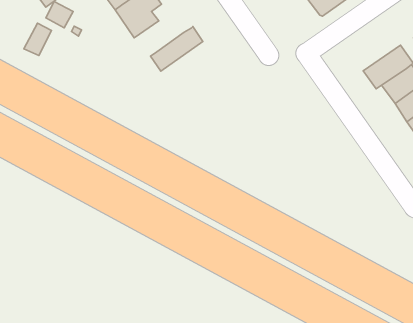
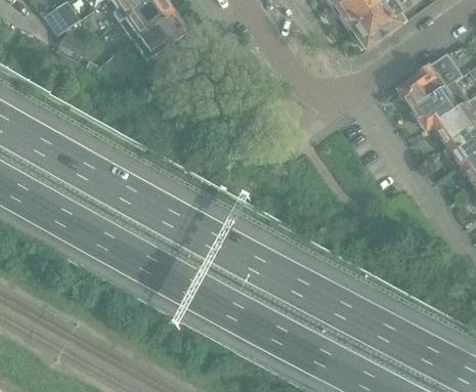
building: none -> [399,52,461,106]
building: [24,23,52,56] -> none
building: [151,27,203,71] -> none

